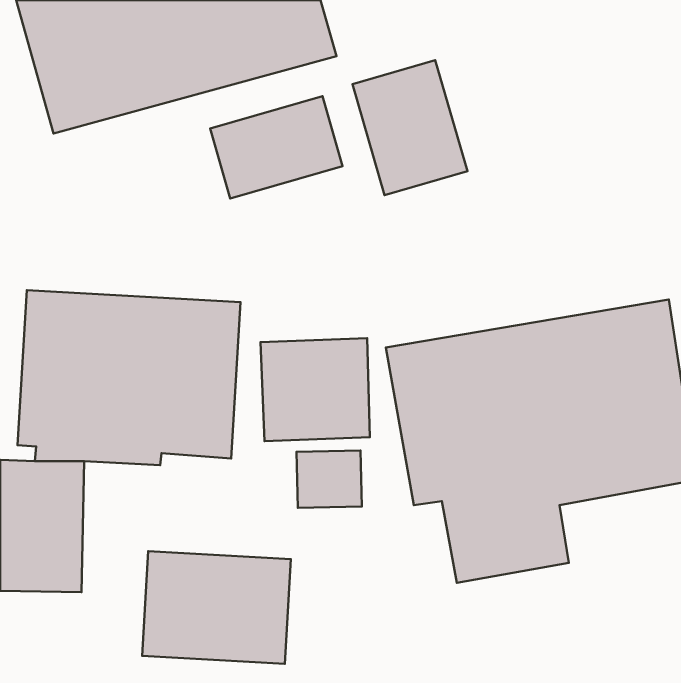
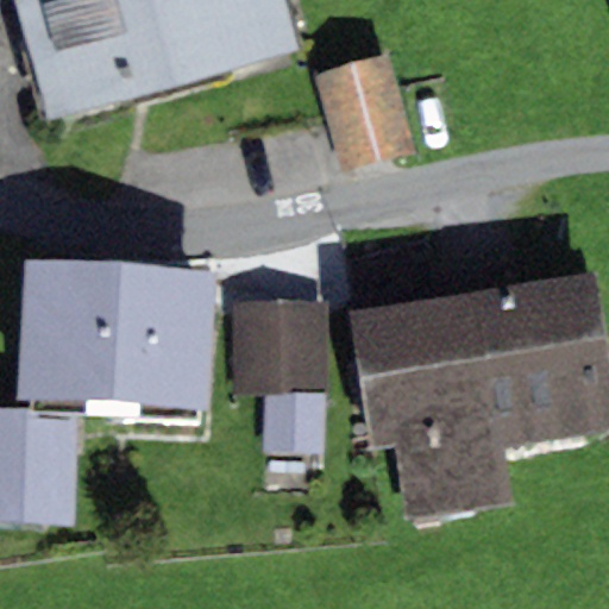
building: [210,96,343,199] -> none
building: [142,551,291,664] -> none

